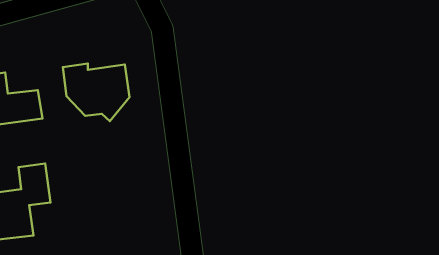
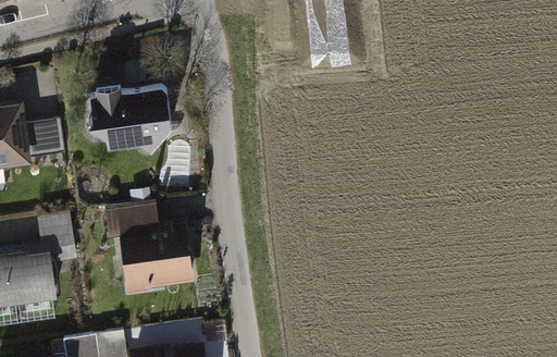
building: none -> [106,188,193,299]

